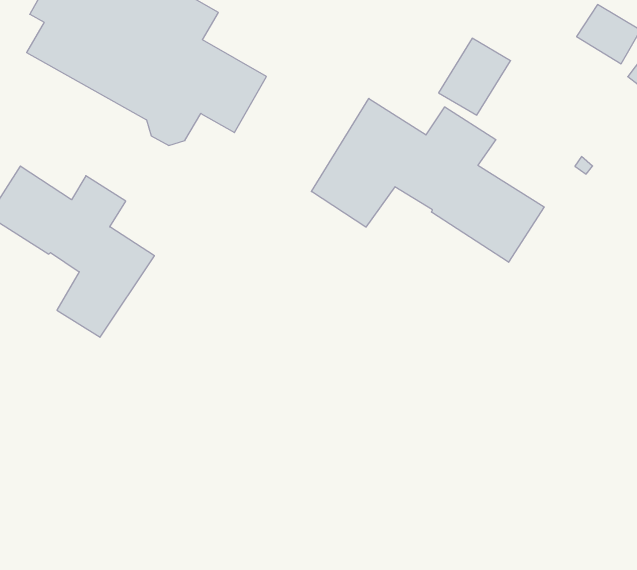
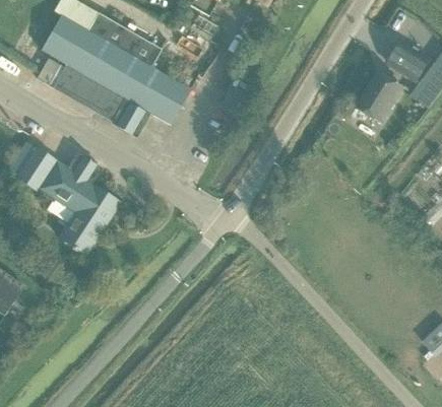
building: [439,38,511,115] -> [357,72,402,121]
building: [311,98,544,262] -> none

